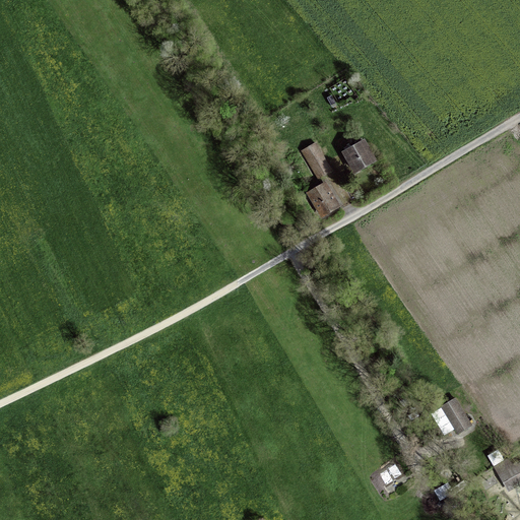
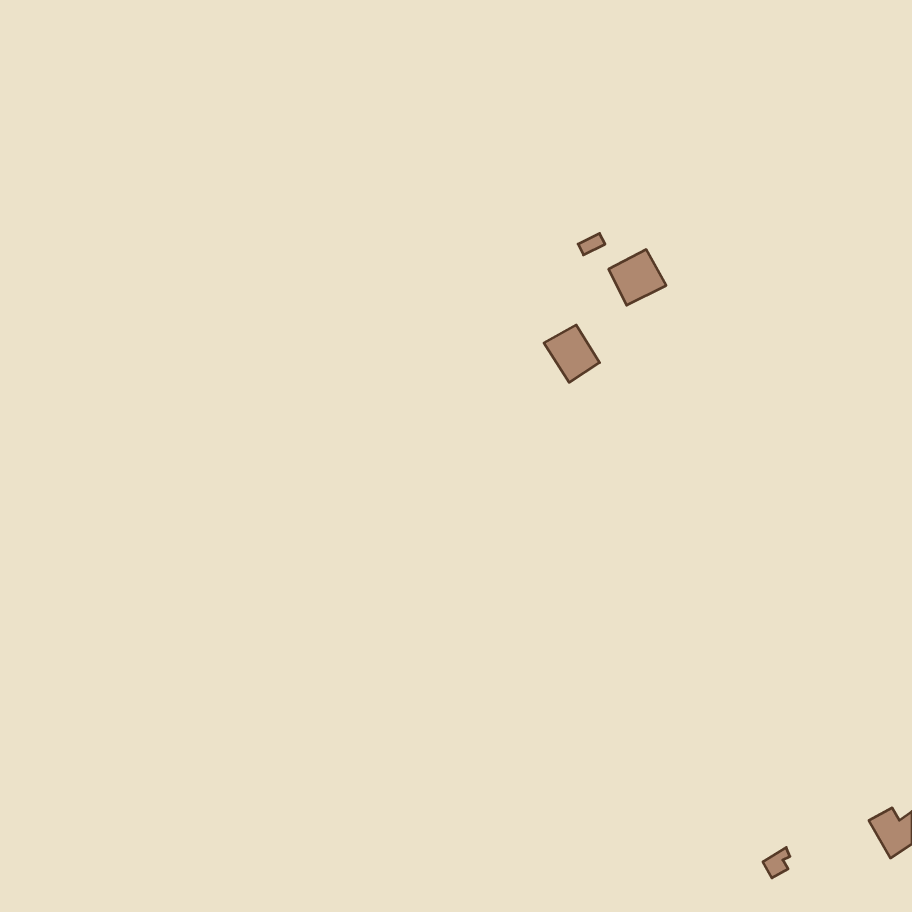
building: [303,142,331,179] -> none
building: [439,395,468,430] -> none

